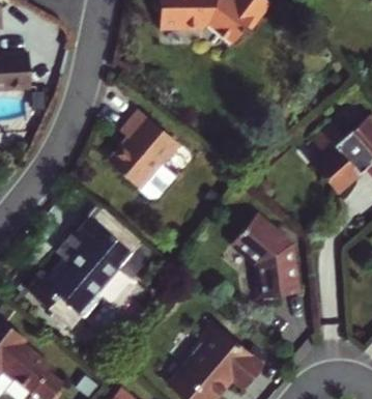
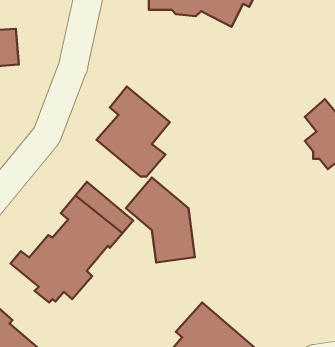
building: [228,213,296,297] -> [126,178,195,263]

